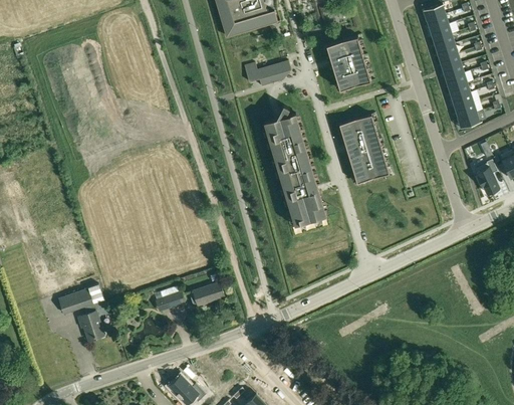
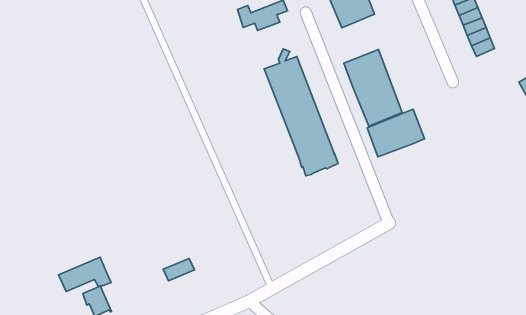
building: [475,161,498,195] -> none
building: none -> [367,109,424,157]
building: [192,283,224,307] -> none

